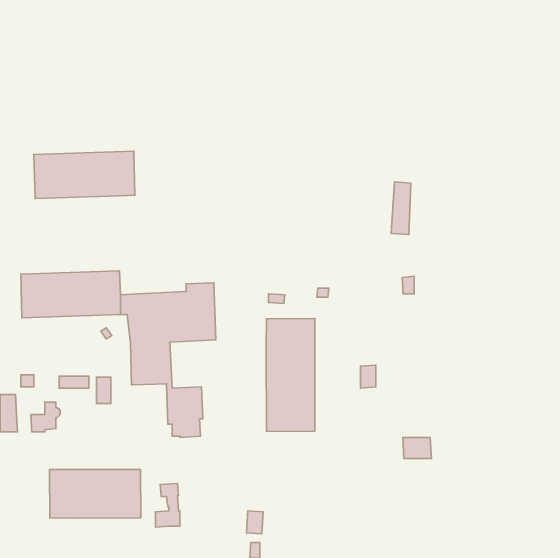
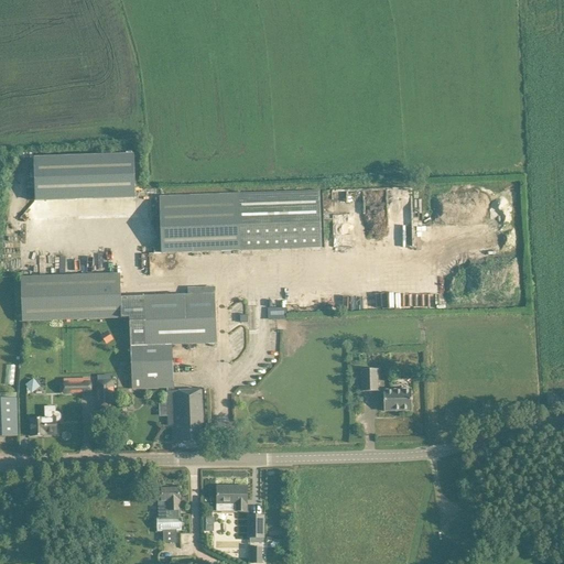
building: none -> [154,189,322,252]
building: [266,318,315,432] -> none
building: [403,438,431,458] -> [383,388,412,409]
building: [50,469,141,518] -> none
building: none -> [217,485,247,509]

